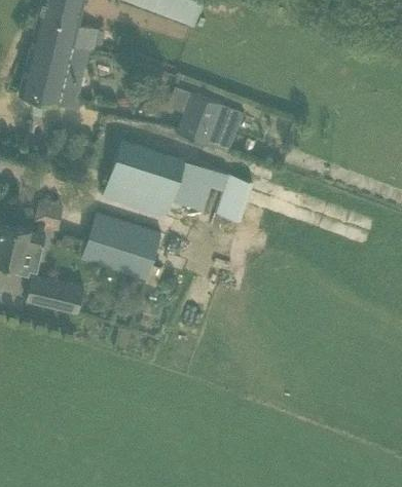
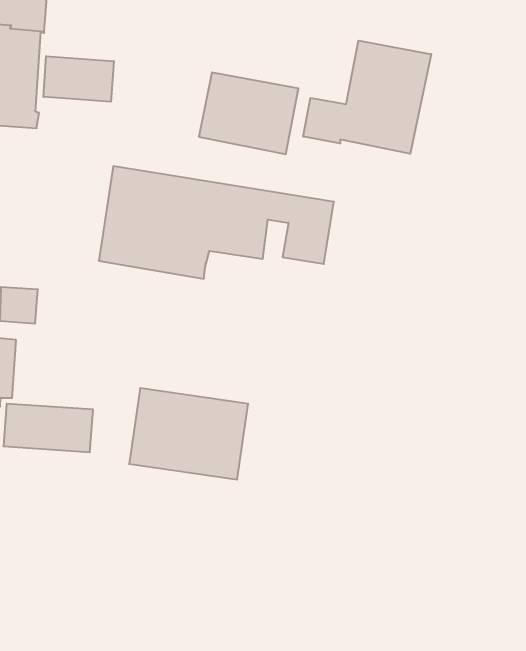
building: none -> [43,56,114,102]
building: none -> [303,41,431,154]
building: [82,214,161,279] -> [129,388,248,480]

